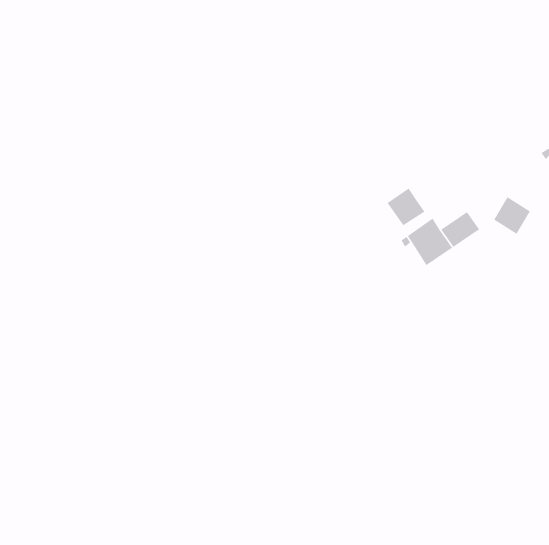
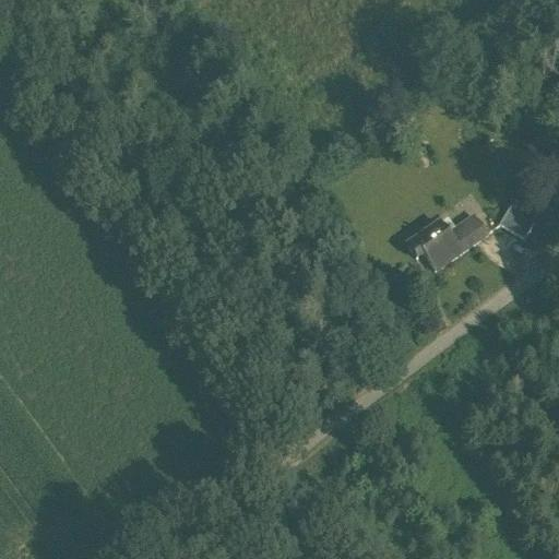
building: [386,188,425,226] -> none

